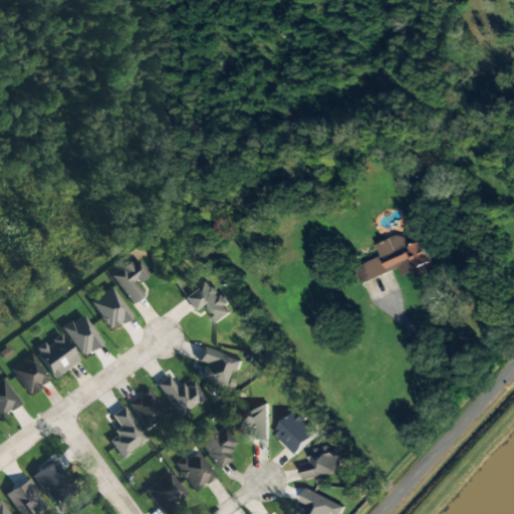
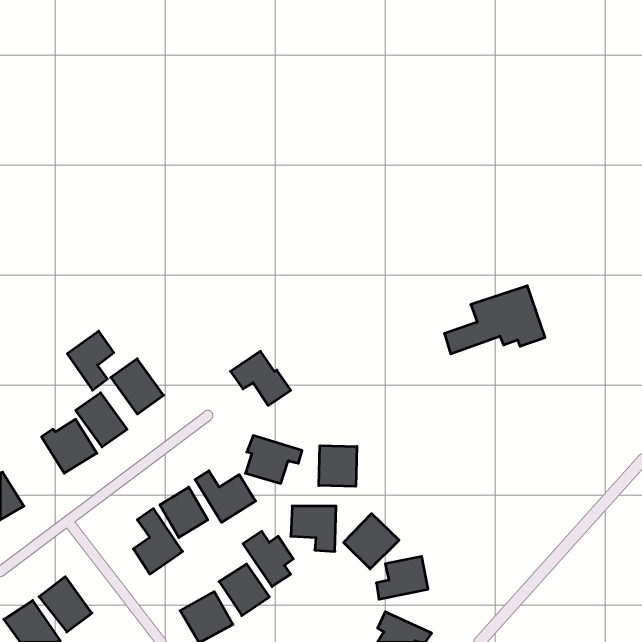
building: [111,257,149,304] -> [67,331,114,390]
building: [10,353,49,395] -> none
building: none -> [319,446,357,486]

